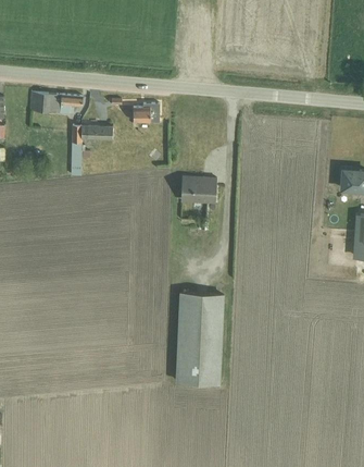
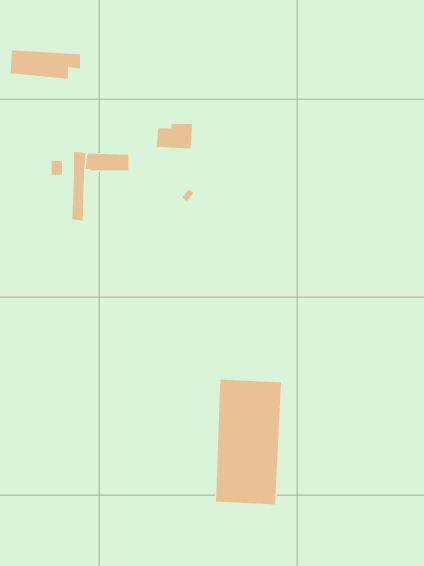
building: [29,93,81,114] -> [10,50,81,79]
building: [181,175,217,204] -> none

